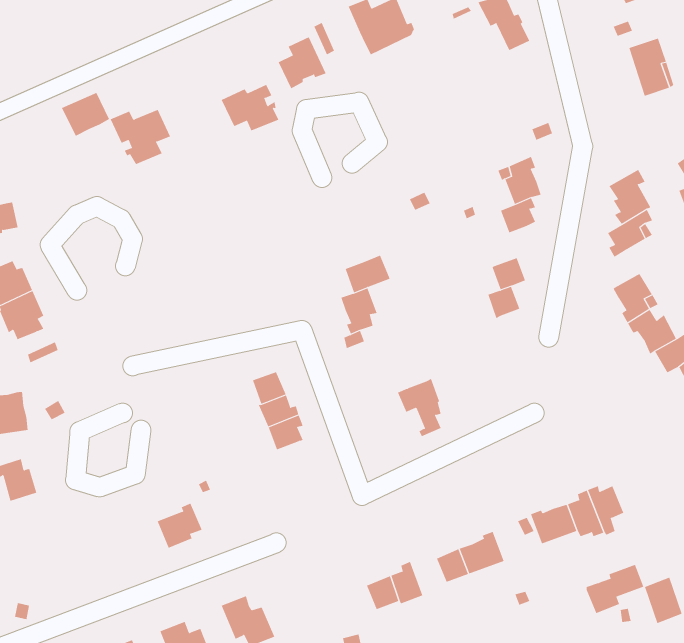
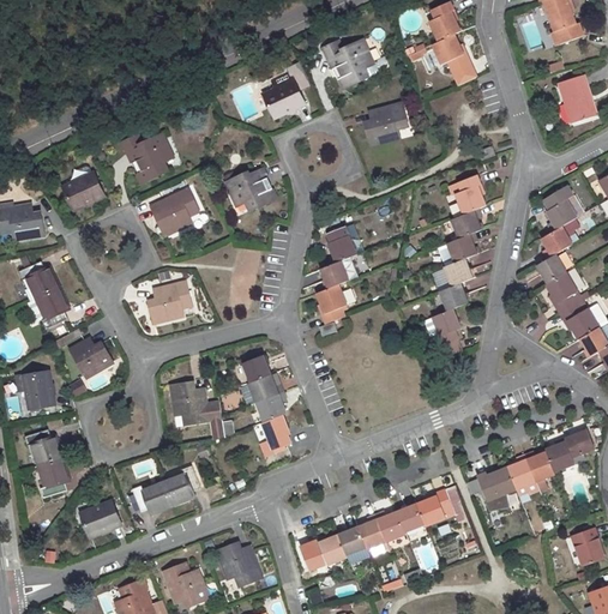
building: none -> [365,103,408,144]
building: [221,84,279,131] -> [225,169,275,209]
building: [61,92,110,136] -> [62,173,103,210]
building: none -> [152,189,199,235]
building: none -> [327,224,356,263]
building: none -> [438,233,477,266]
building: none -> [536,253,568,284]
building: none -> [148,282,191,323]
building: none -> [70,341,110,377]
building: [397,378,441,437] -> [423,308,460,357]
building: none -> [171,381,223,439]
building: none -> [260,414,291,452]
building: none -> [38,457,67,495]
building: none -> [132,481,171,512]
building: none -> [80,501,120,536]
building: none -> [375,511,407,543]
building: [586,564,644,614] -> [546,429,595,471]
building: none -> [307,535,347,566]

